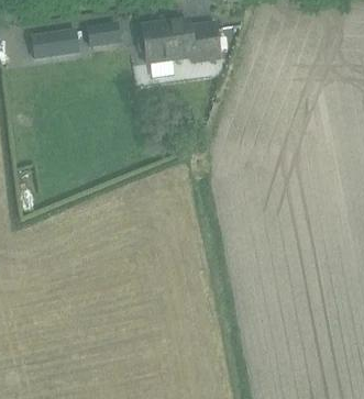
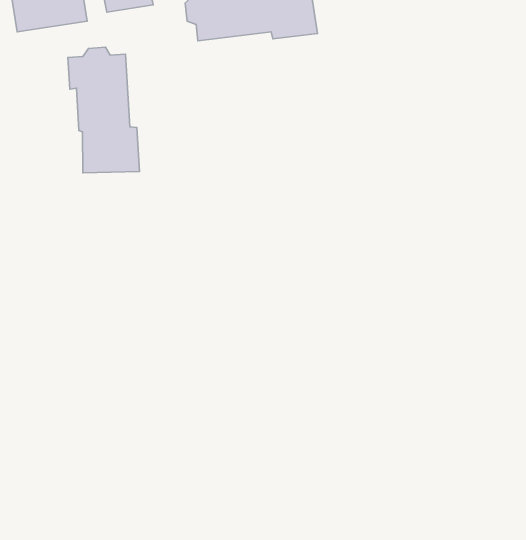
building: none -> [68,47,139,173]

